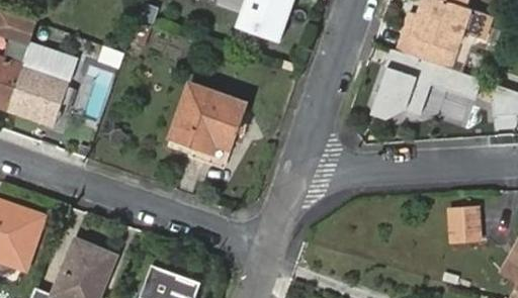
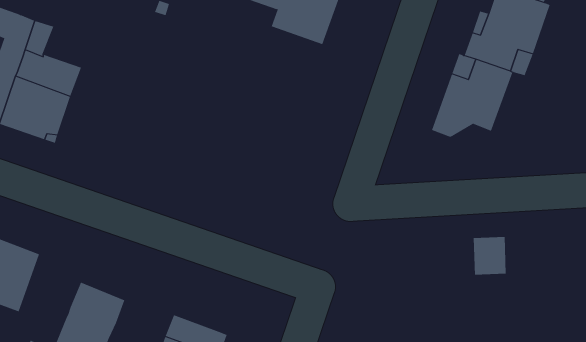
building: [170,84,247,154] -> none
building: [450,208,479,240] -> [473,237,507,275]

